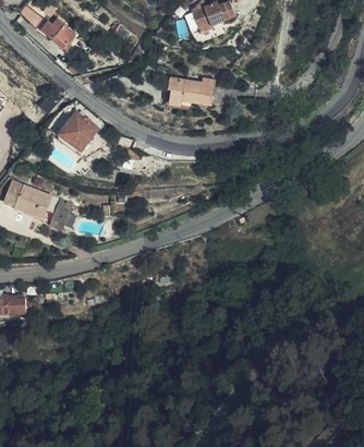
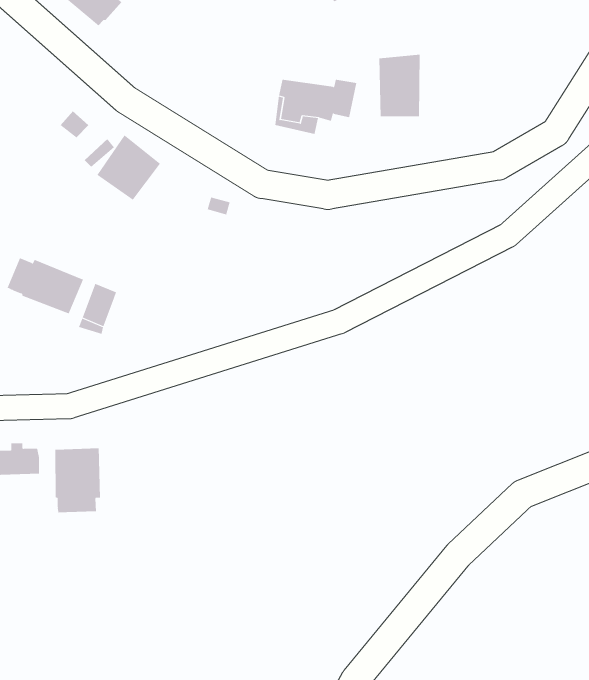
building: none -> [379,54,420,117]
building: none -> [55,447,101,513]

